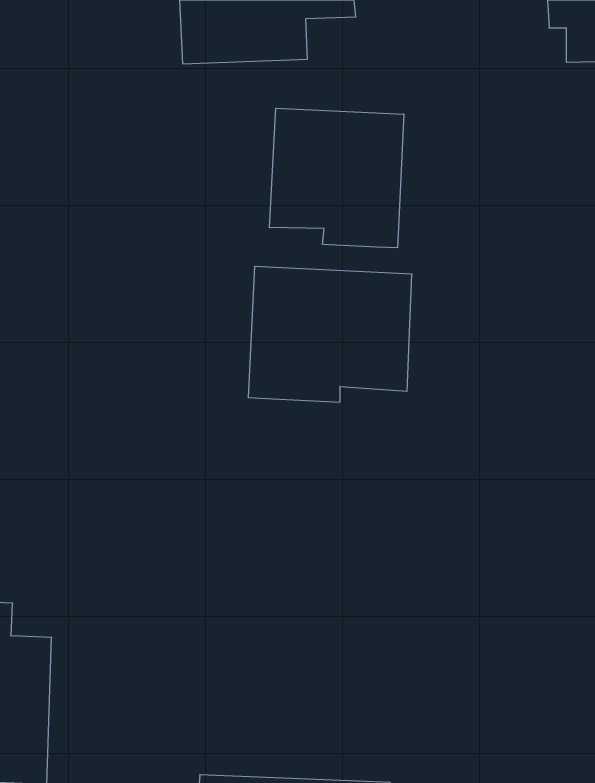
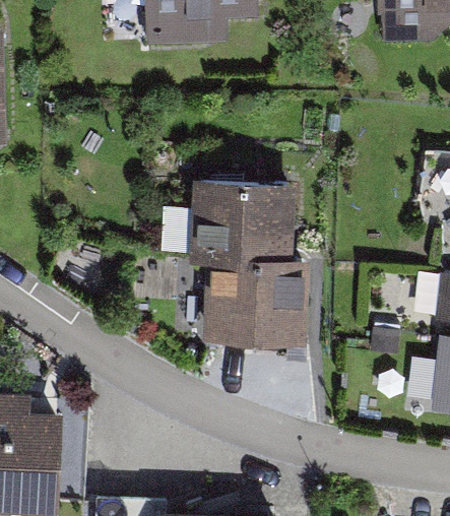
building: [269,108,404,248] -> none
building: none -> [200,256,307,346]

